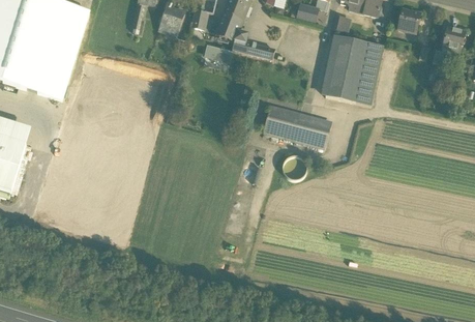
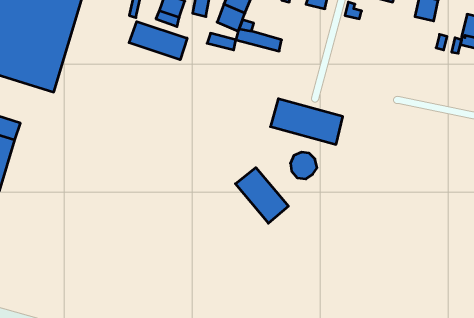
building: none -> [129,22,187,60]
building: [325,35,384,105] -> none
building: none -> [235,168,288,223]

